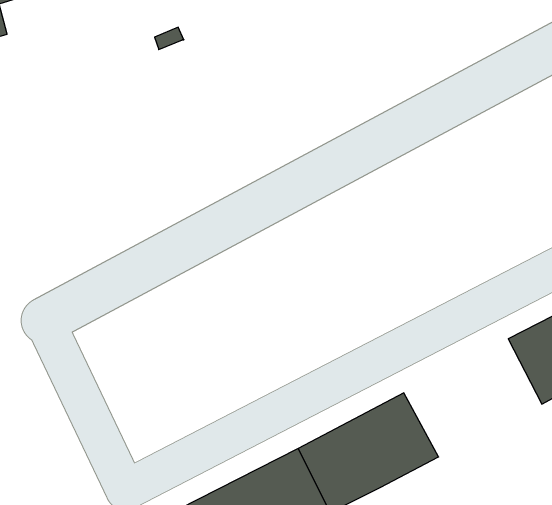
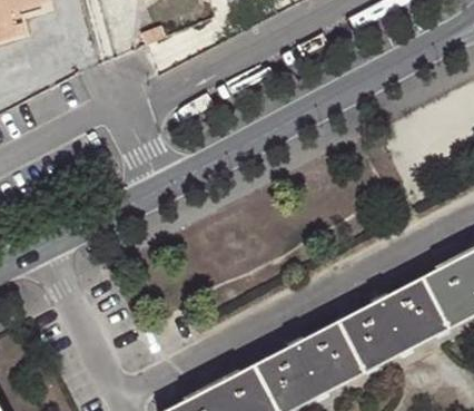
building: none -> [342,275,452,370]

